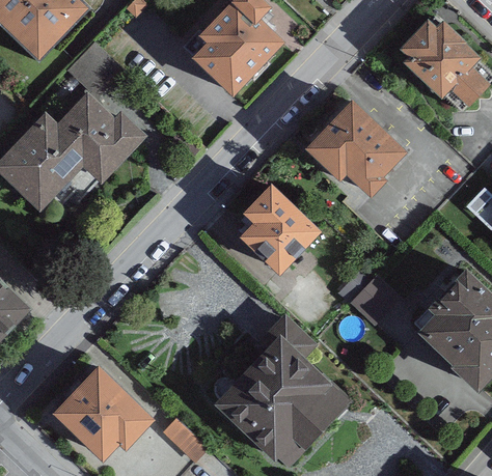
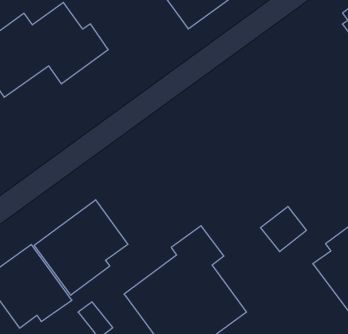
building: [304,101,407,199] -> none
building: [239,184,321,275] -> none
building: none -> [34,200,128,295]

